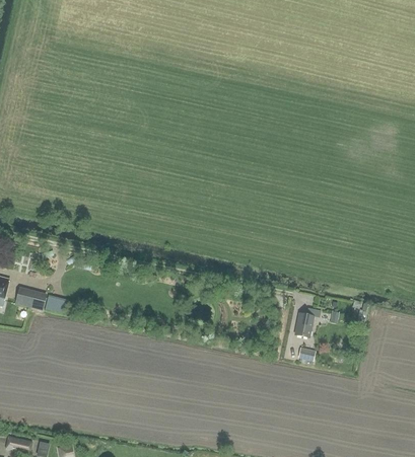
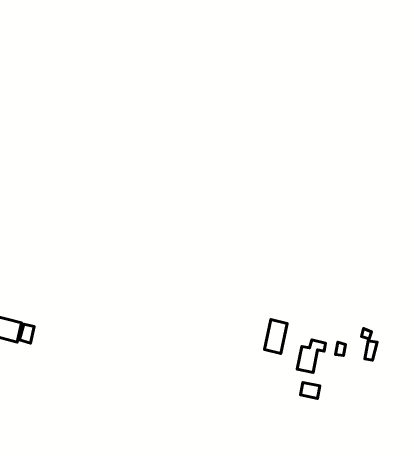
building: none -> [265,320,287,353]

